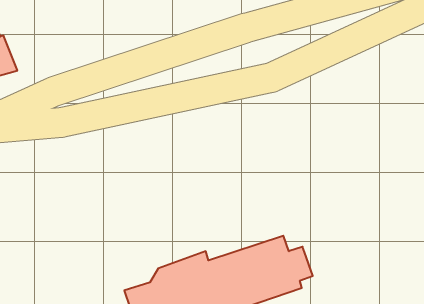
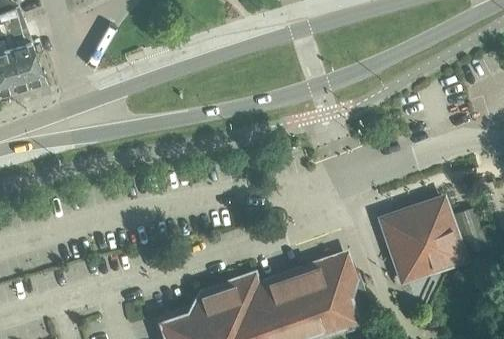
building: none -> [380,199,461,281]

